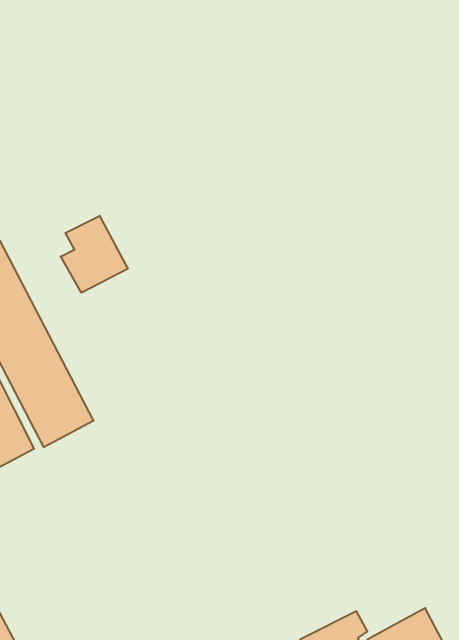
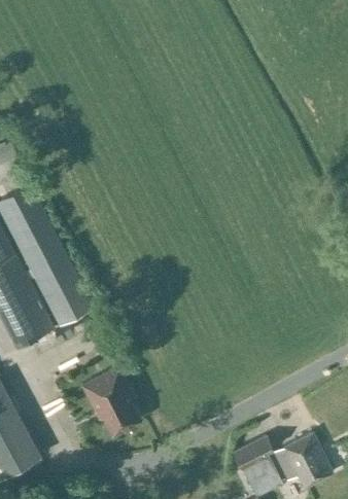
building: [61,216,128,293] -> none
building: none -> [78,364,141,436]

